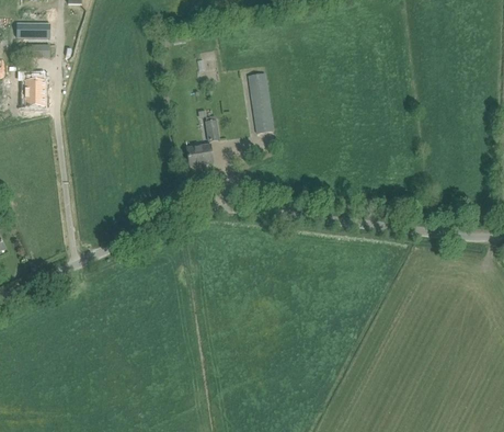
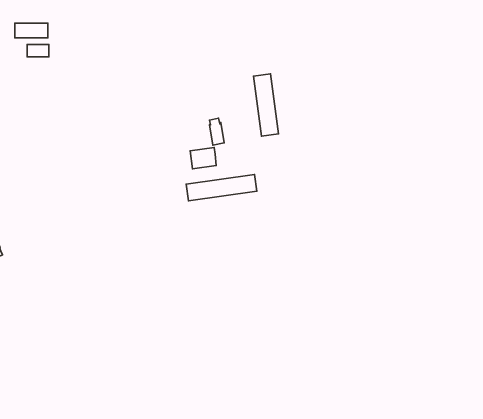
building: [27,73,46,102] -> none
building: none -> [186,174,257,201]

